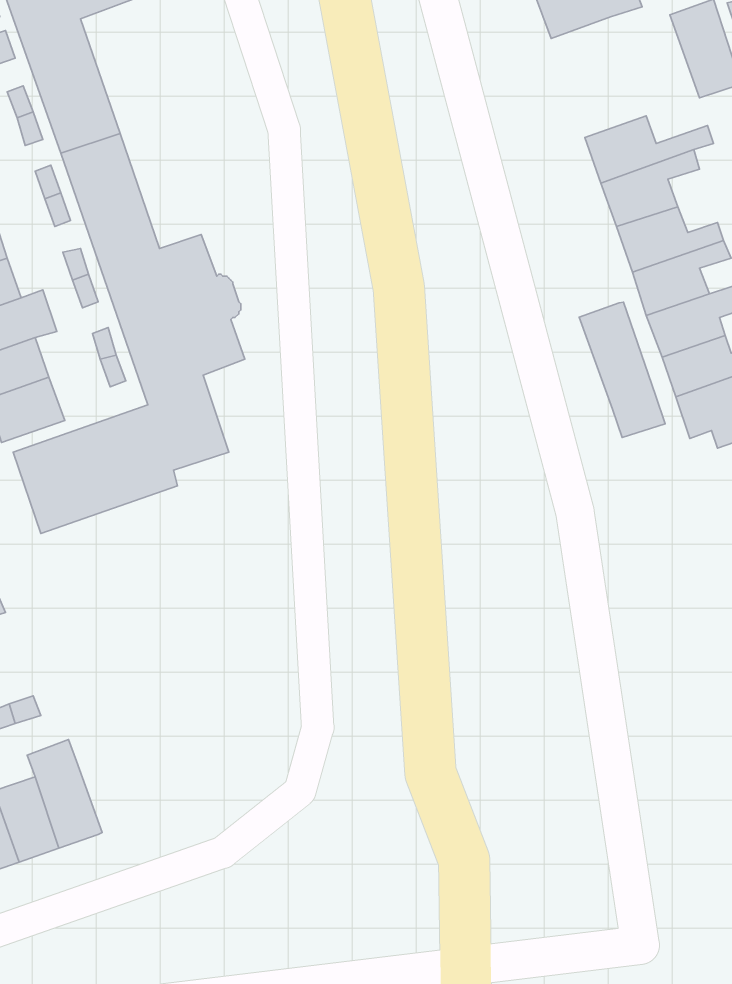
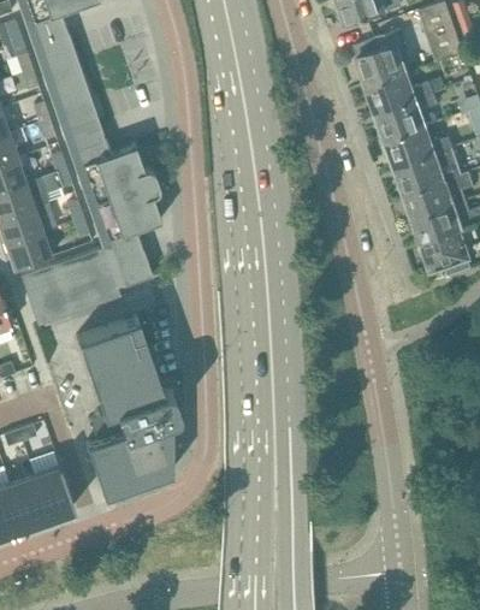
building: none -> [355,31,408,87]
building: [579,302,665,438] -> none
building: none -> [76,318,178,498]

